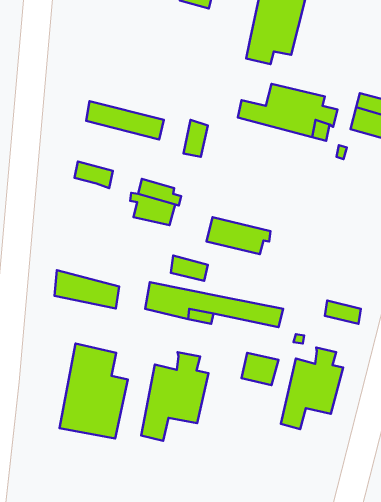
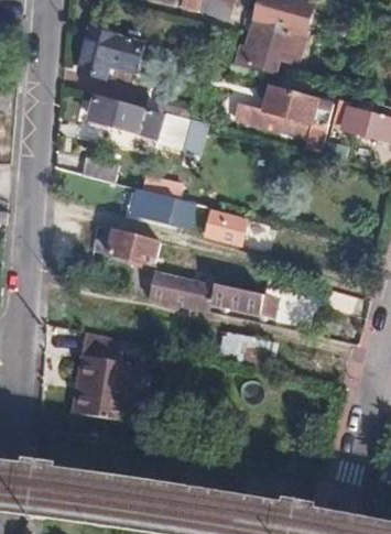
building: none -> [82,26,148,78]
building: [54,270,119,309] -> [95,227,156,263]
building: [281,348,343,429] -> none
building: [141,352,209,441] -> none

